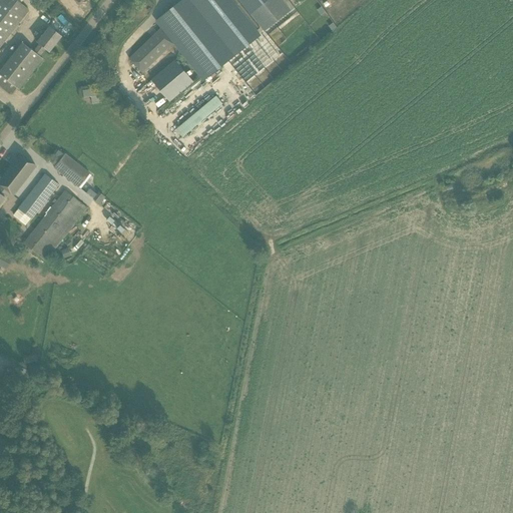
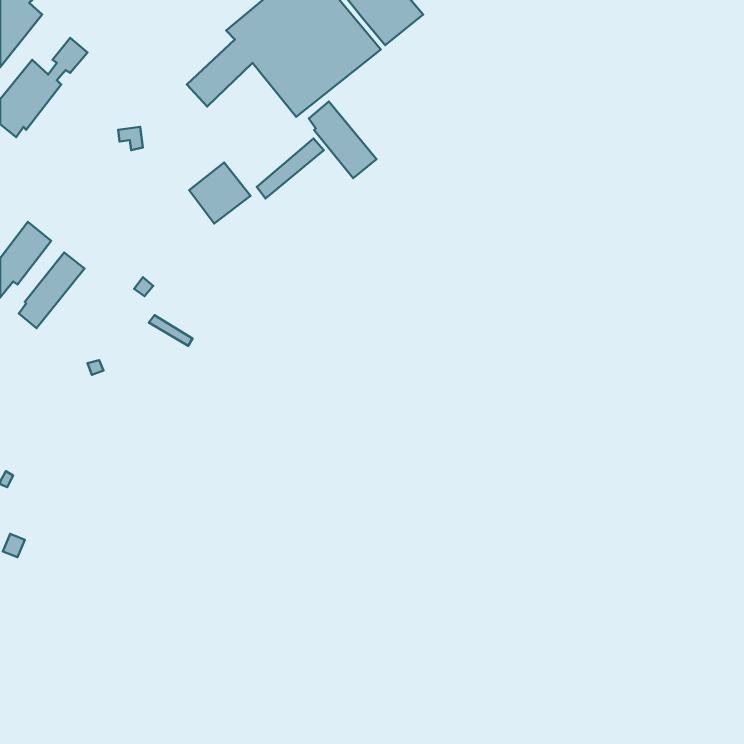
building: [150,59,192,101] -> [189,162,250,224]
building: none -> [309,102,376,178]
building: [53,152,83,180] -> none
building: [15,189,87,260] -> none

